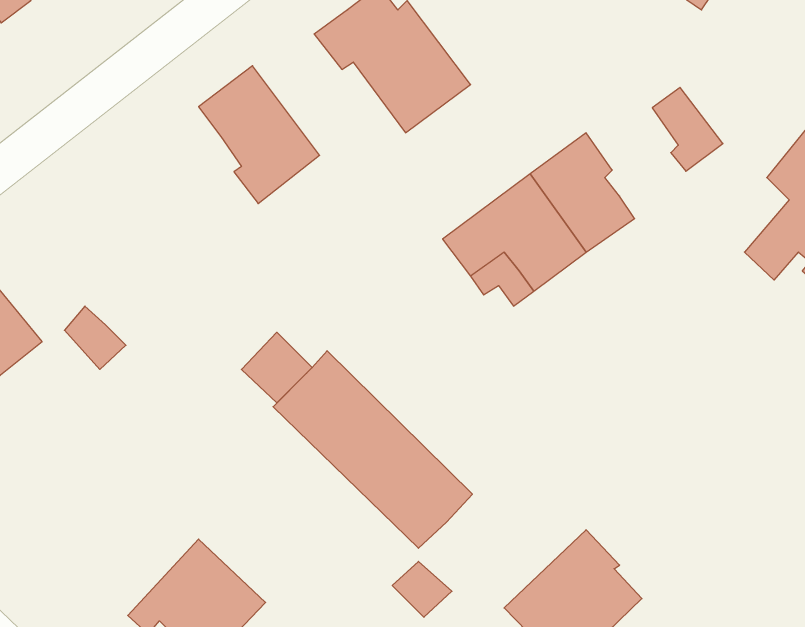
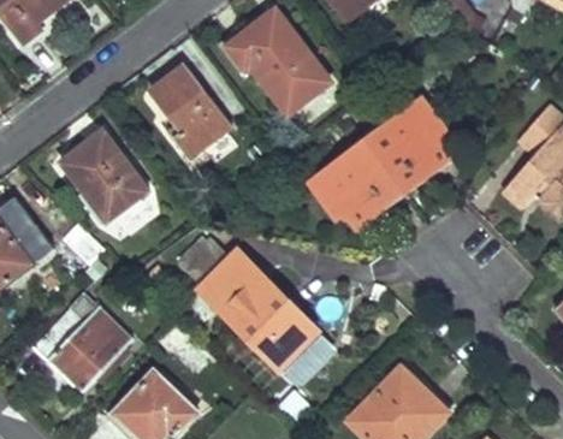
building: [652,87,723,171] -> [402,99,448,153]
building: none -> [64,135,148,227]
building: none -> [36,293,131,388]

